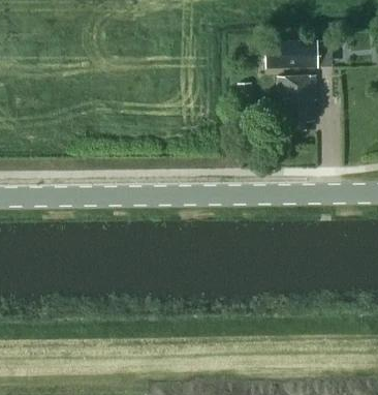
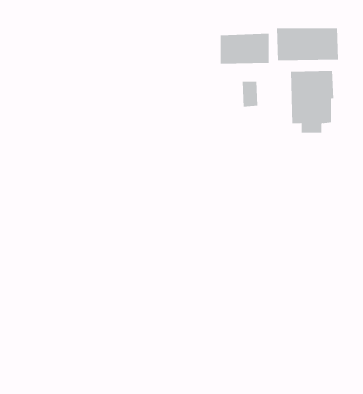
building: none -> [220,33,269,65]

